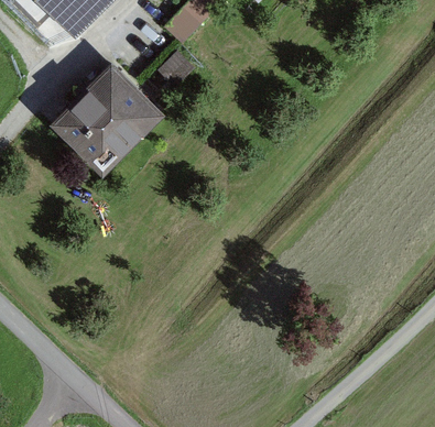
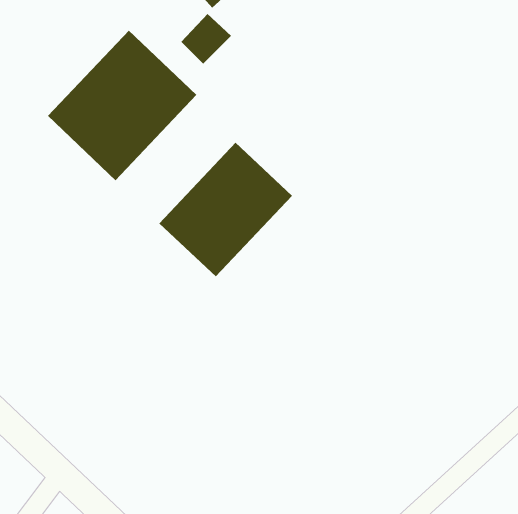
building: none -> [159,142,293,277]

